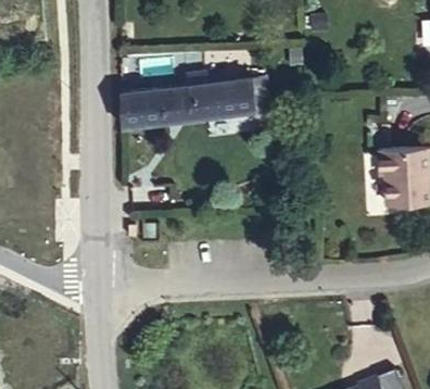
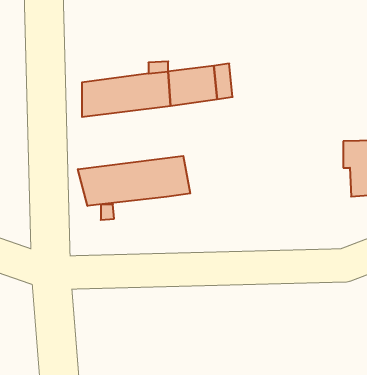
building: none -> [78,156,190,206]

